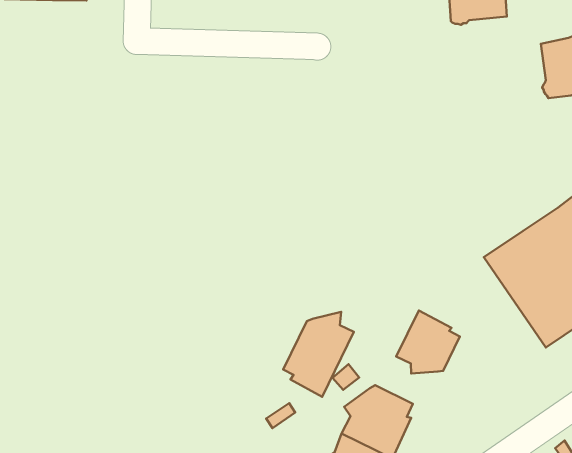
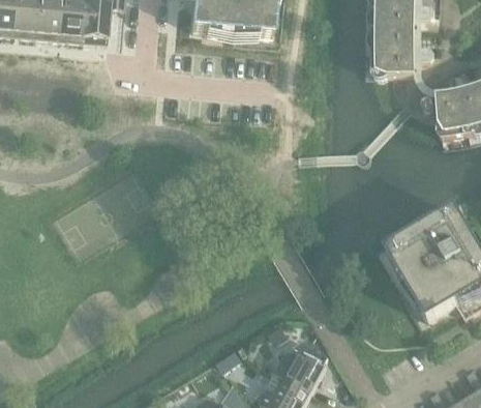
building: [396,310,460,373] -> none
building: [283,312,354,397] -> none

